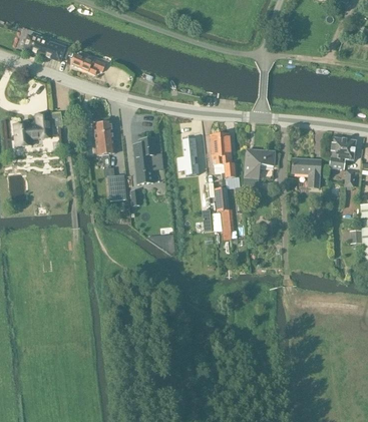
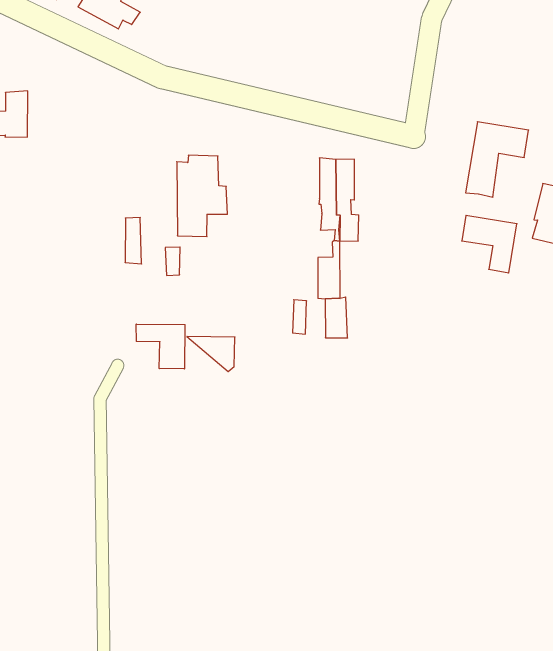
building: [93,122,114,155] -> none
building: [176,138,199,175] -> none
building: [243,149,274,189] -> [466,122,529,197]
building: none -> [136,324,185,369]

